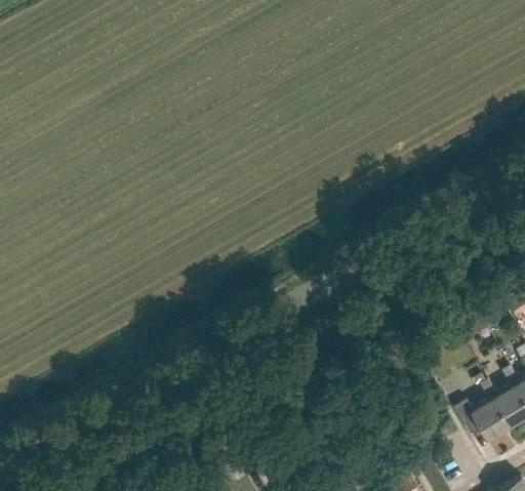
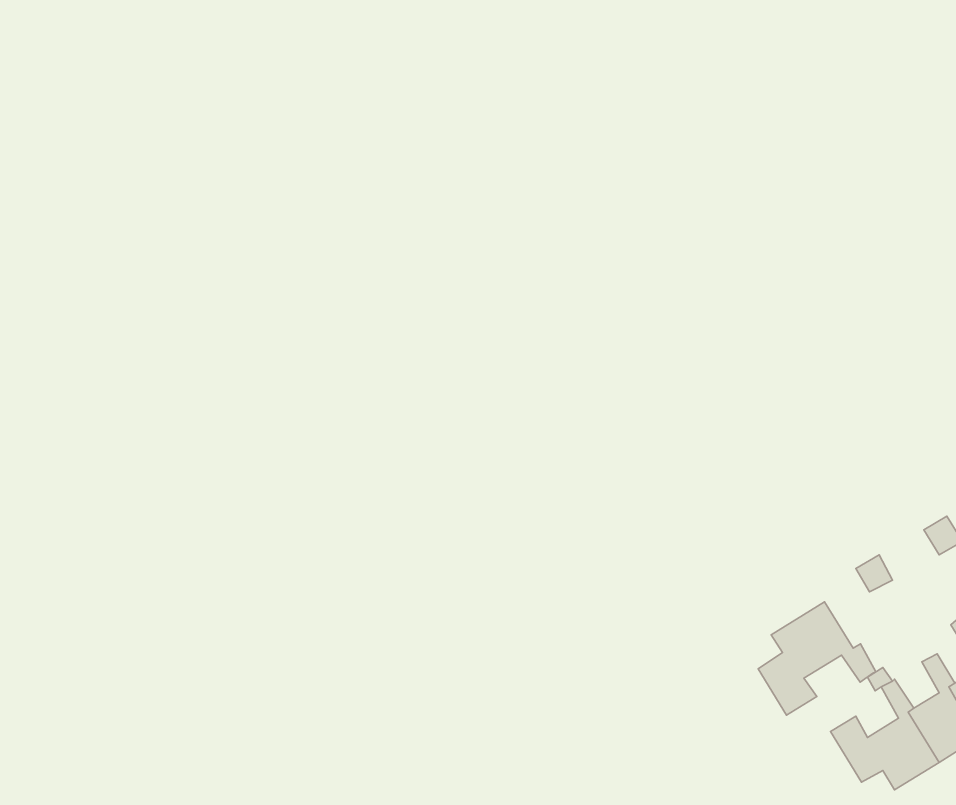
building: none -> [758,602,876,715]

